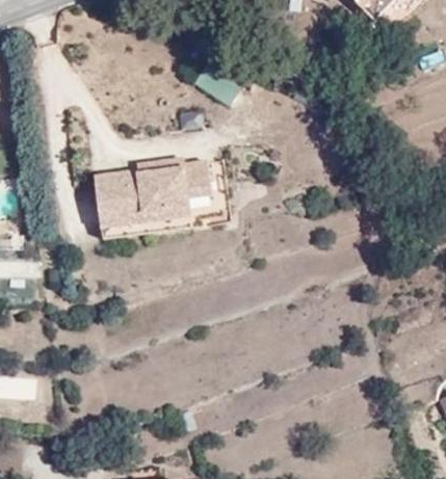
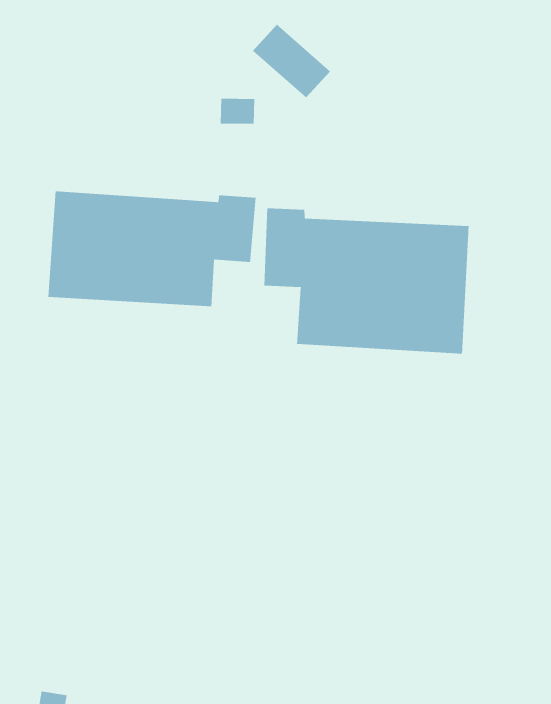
building: none -> [264,208,469,354]

